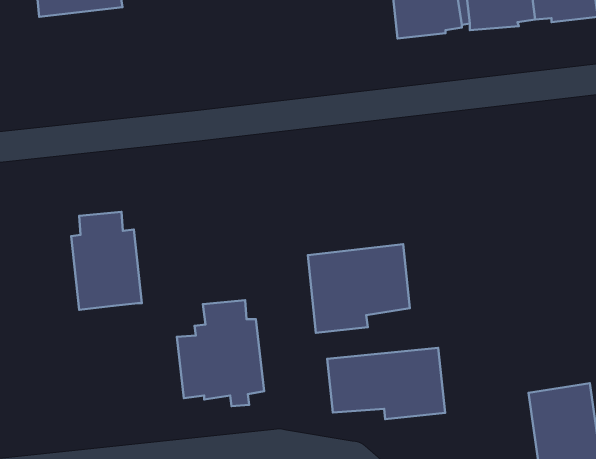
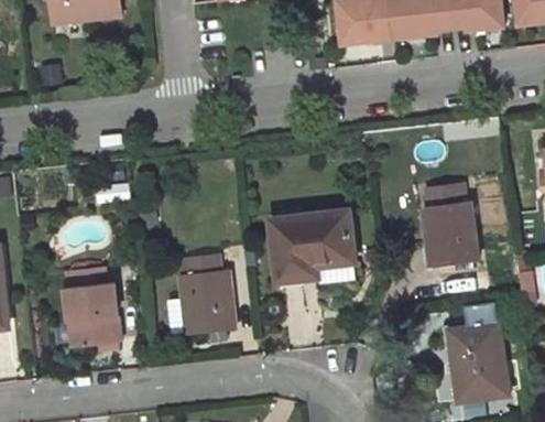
building: [71,212,142,310] -> [65,268,122,347]
building: none -> [425,185,478,267]
building: [327,348,445,419] -> none

